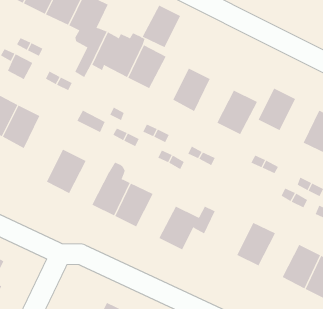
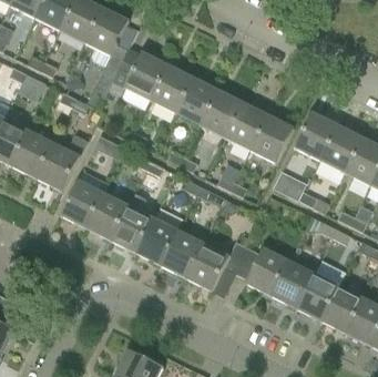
building: [142,5,181,48] -> [175,78,218,125]
building: none -> [225,102,268,151]
building: none -> [319,124,362,173]
building: none -> [37,135,89,192]
building: none -> [86,193,130,242]
building: none -> [161,230,204,278]
building: none -> [236,247,289,297]
building: none -> [296,273,340,322]

